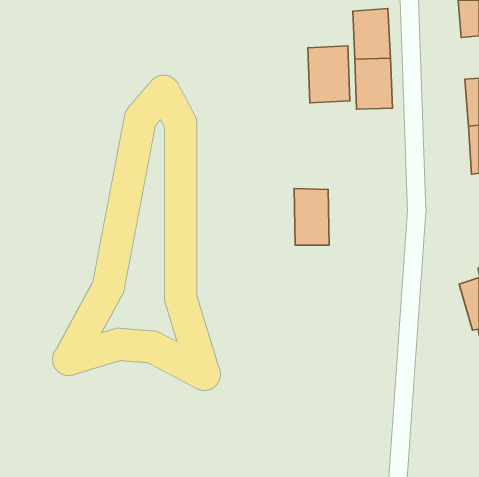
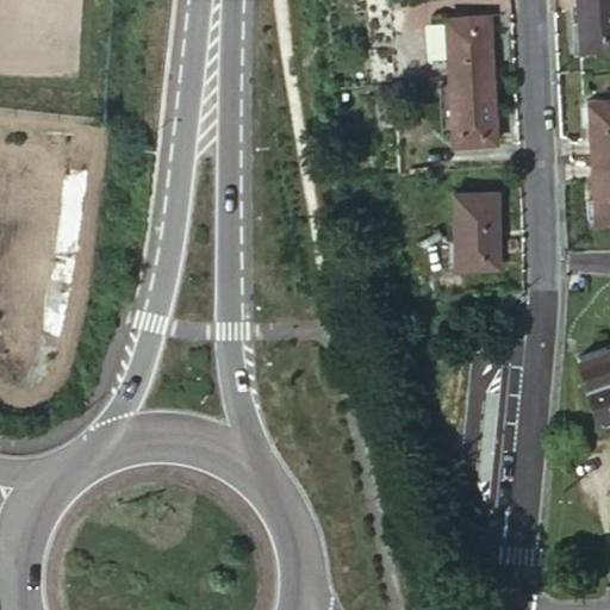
building: [308,46,350,103] -> none
building: [294,189,329,245] -> [456,195,500,267]

